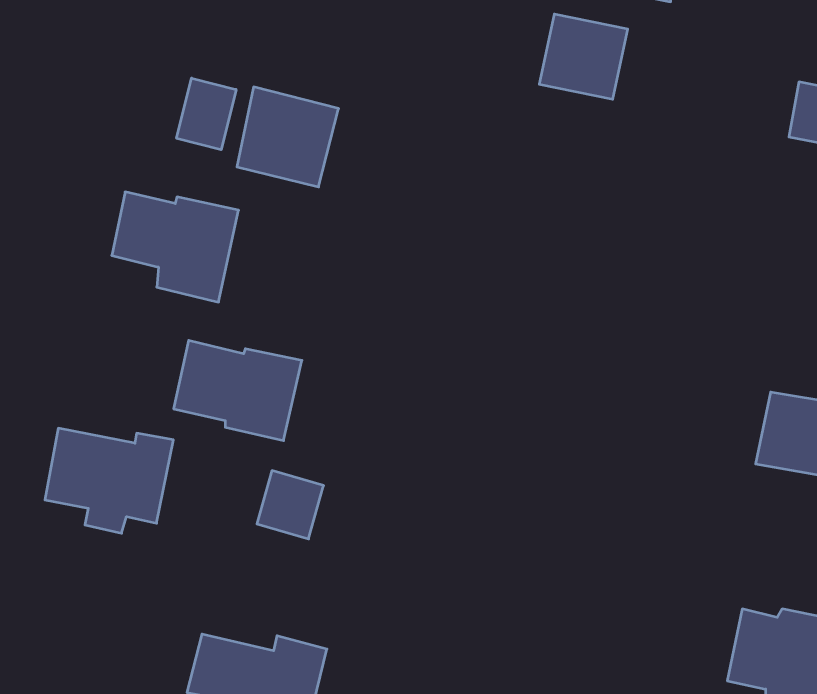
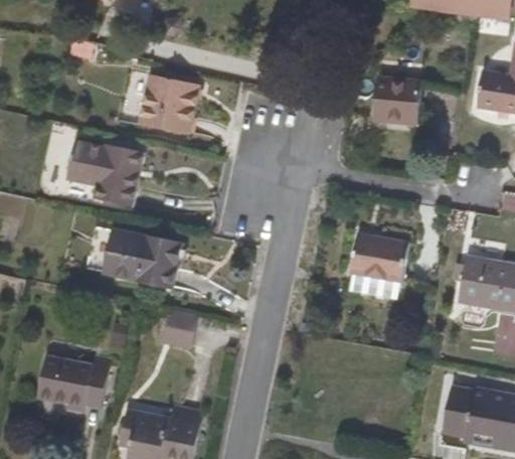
building: [539,14,628,99] -> [376,80,430,131]
building: [177,78,236,150] -> none
building: none -> [354,234,410,284]
building: [45,428,173,533] -> [33,348,111,412]

